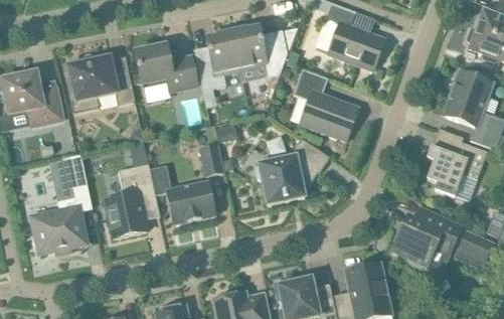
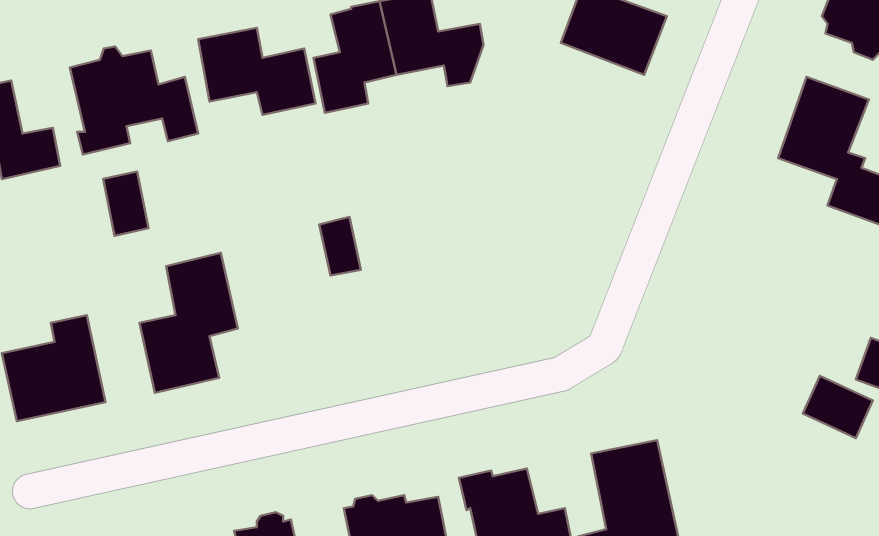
building: [293,67,358,140] -> none
building: [255,137,329,203] -> none
building: [427,140,487,198] -> none
building: [61,154,86,188] -> [103,171,149,236]
building: [164,181,214,224] -> none
building: [391,209,460,268] -> none

